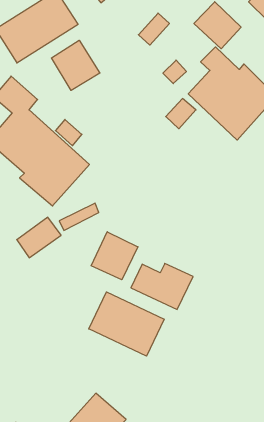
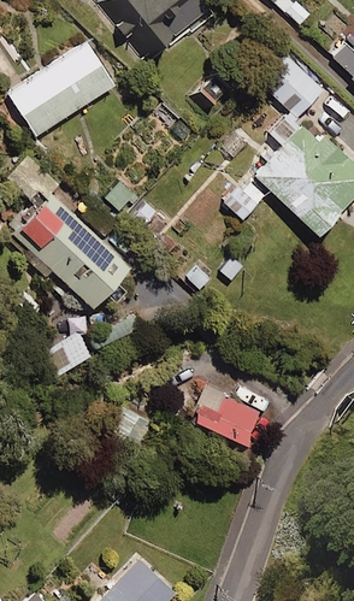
building: [51,40,100,90] -> none
building: [91,232,138,280] -> none
building: [89,292,164,356] -> none

